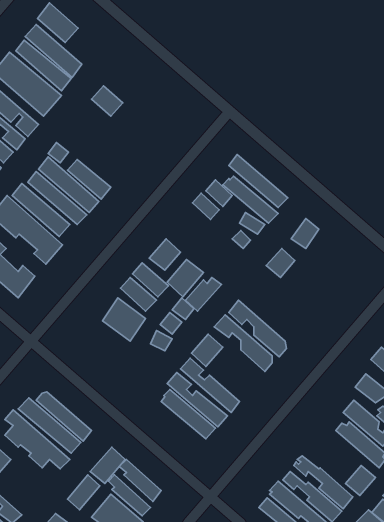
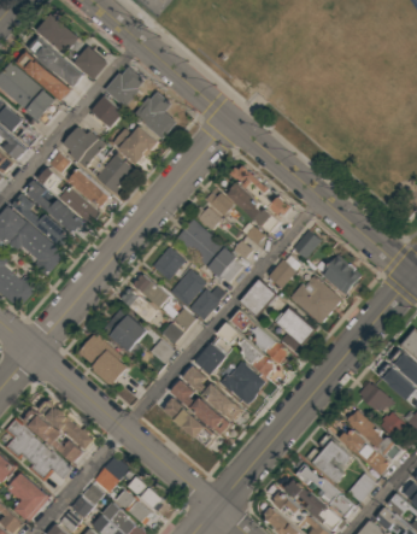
building: none -> [75,45,108,77]
building: none -> [106,65,148,106]
building: none -> [135,92,177,136]
building: none -> [64,125,105,168]
building: none -> [112,125,157,163]
building: none -> [95,153,133,192]
building: none -> [178,219,235,276]
building: none -> [322,254,362,294]
building: none -> [292,272,342,323]
building: none -> [237,280,275,317]
building: none -> [275,309,313,345]
building: none -> [76,335,125,383]
building: none -> [219,362,265,406]
building: none -> [311,439,352,486]
building: none -> [7,475,47,522]

